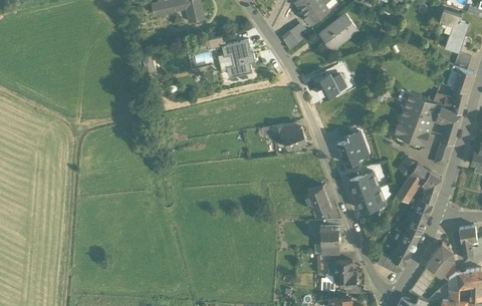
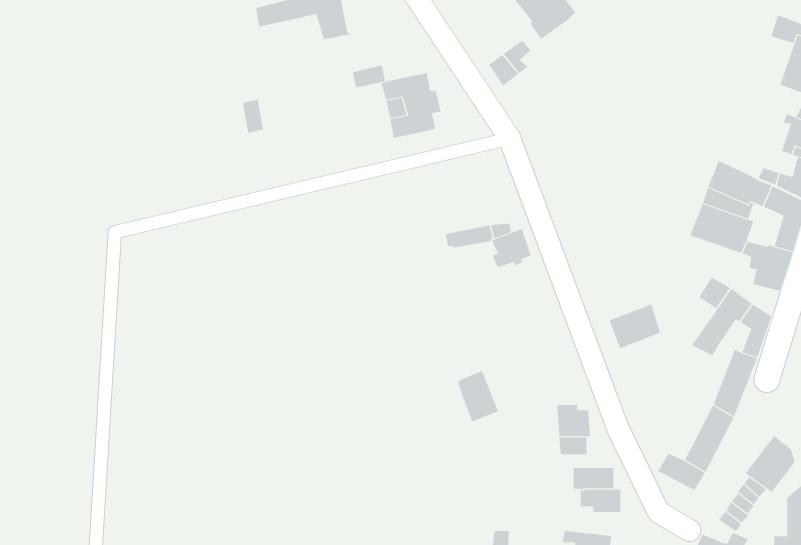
building: [319,15,356,50] -> none
building: [313,73,344,97] -> none
building: [335,130,368,165] -> none
building: [307,186,330,215] -> [457,370,499,422]
building: [354,187,384,212] -> none

